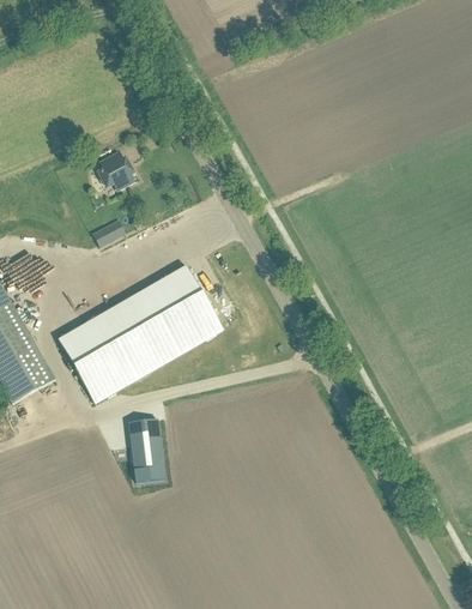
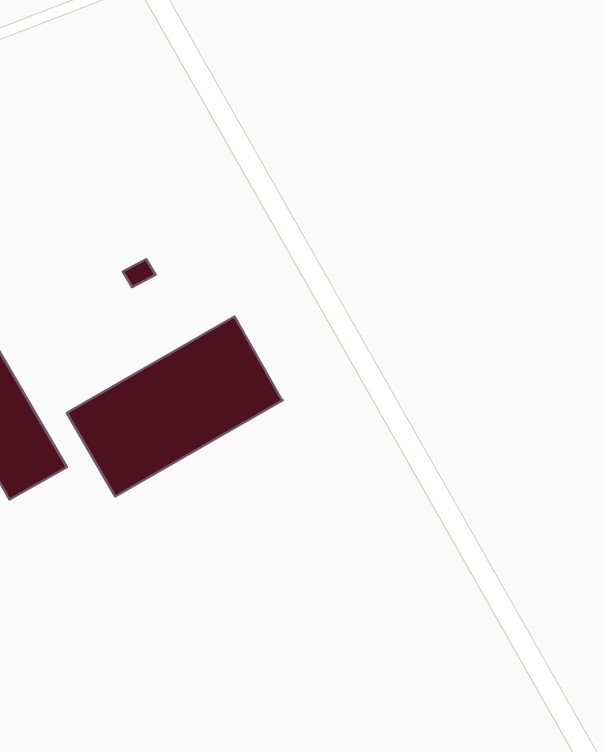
building: [97,157,133,188] -> none
building: [128,417,164,481] -> none

